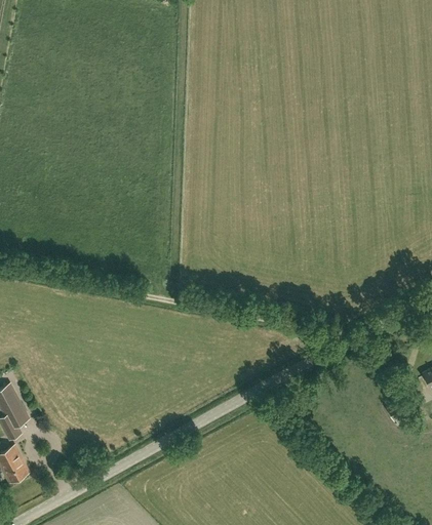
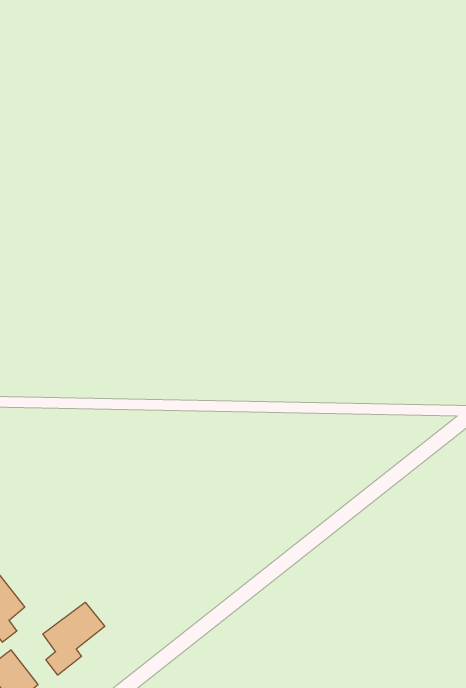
building: none -> [43,602,105,675]

